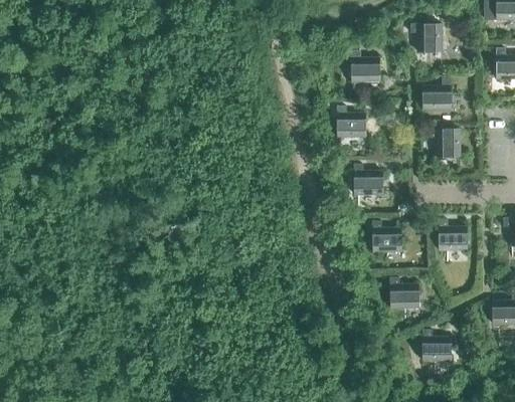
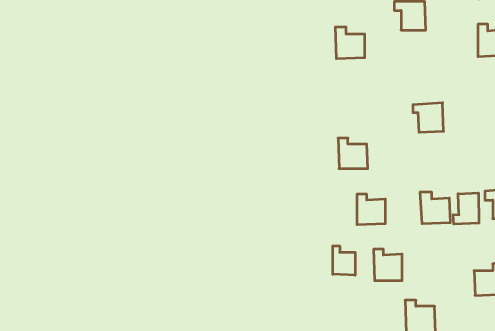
building: [421,80,451,113] -> none
building: [337,108,366,140] -> none
building: none -> [453,193,479,224]
building: none -> [333,246,355,275]

